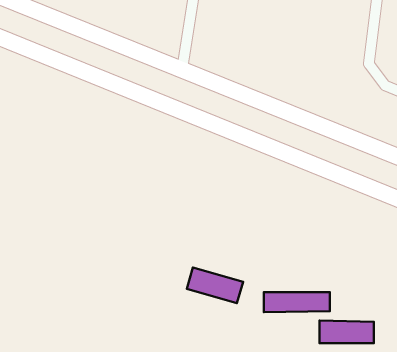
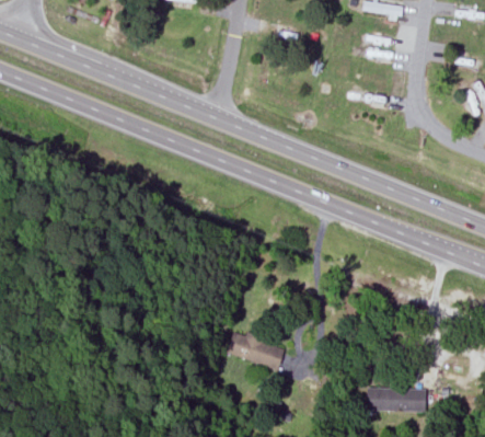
building: [264,292,330,312] -> none

